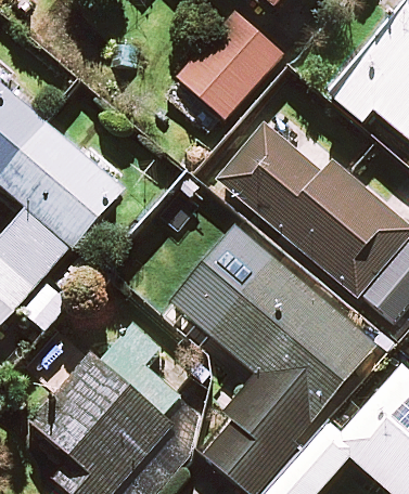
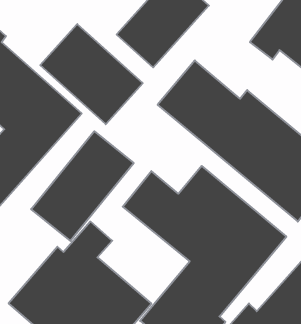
building: none -> [40,24,143,124]
building: none -> [31,131,134,241]

